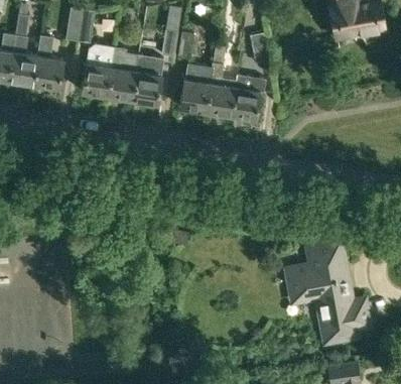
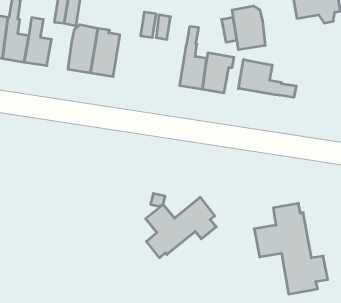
building: none -> [232,6,265,50]
building: [131,54,163,103] -> none
building: [179,62,212,110] -> none
building: none -> [238,59,296,97]
building: none -> [146,197,216,258]

